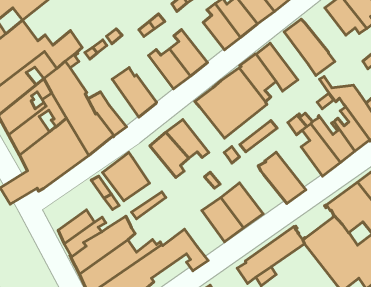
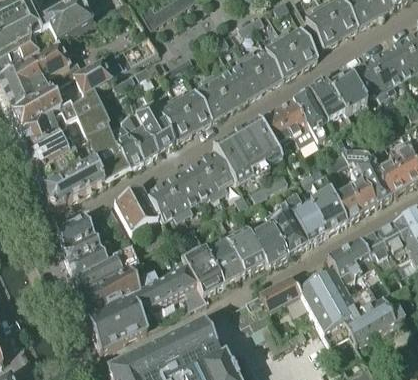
building: none -> [330,70,368,114]
building: none -> [210,69,249,108]
building: none -> [294,88,328,141]
building: none -> [156,94,195,140]
building: none -> [122,112,158,160]
building: none -> [200,150,235,195]
building: none -> [286,195,328,243]
building: none -> [147,181,186,220]
building: none -> [245,219,290,265]
building: none -> [182,228,225,294]
building: none -> [58,216,96,251]

